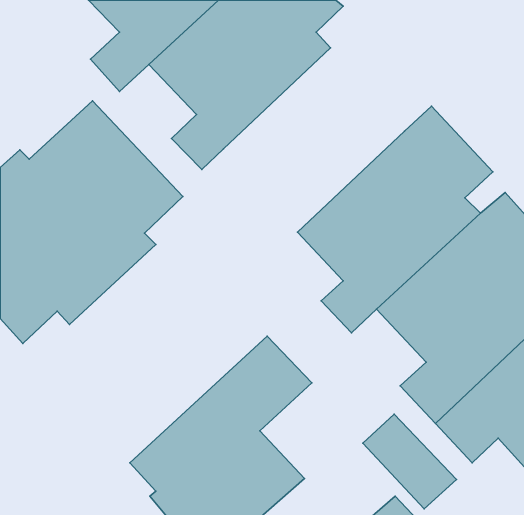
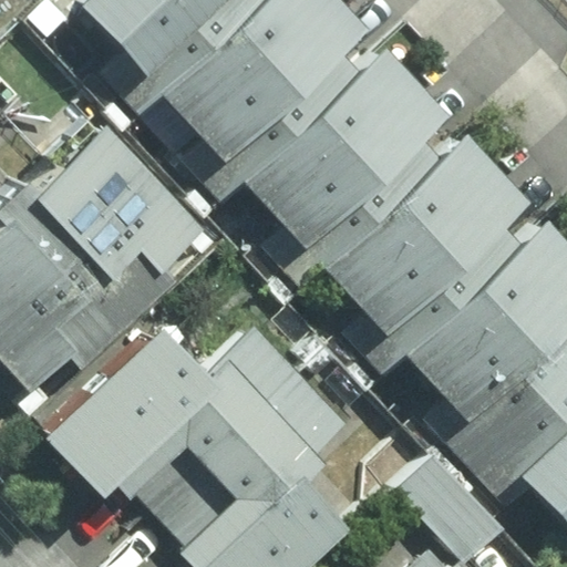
building: none -> [246,44,451,287]
building: none -> [39,331,292,511]

